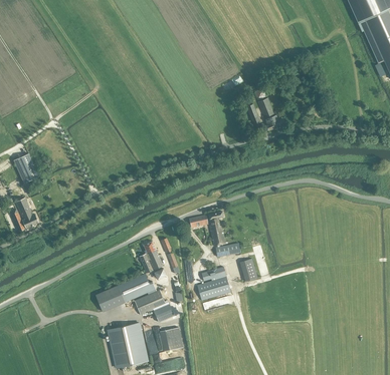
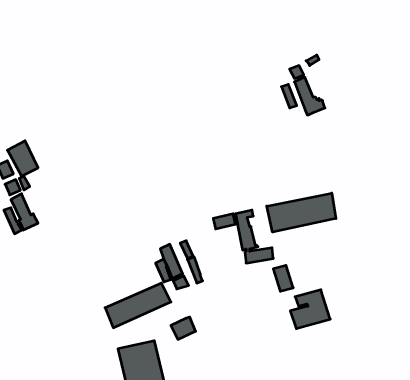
building: none -> [267,193,336,232]
building: [197,267,231,300] -> [290,290,330,329]
building: [135,290,166,315] -> none
building: [160,327,183,351] -> none

